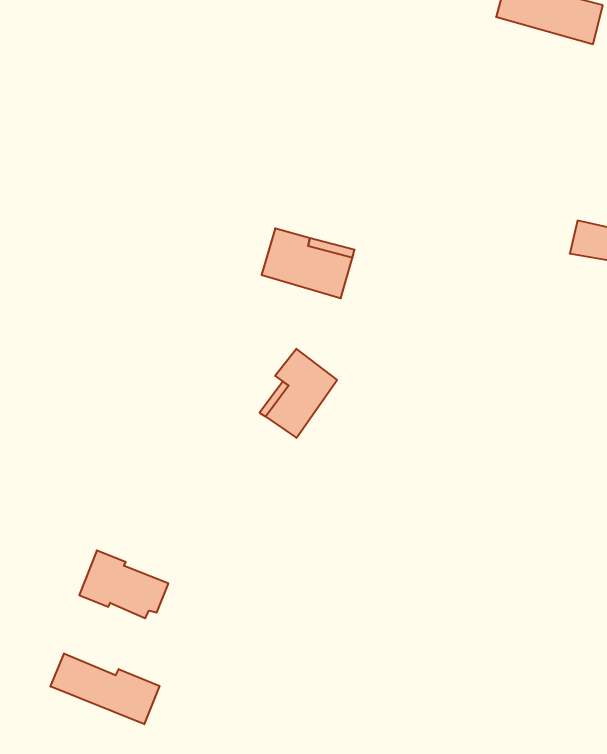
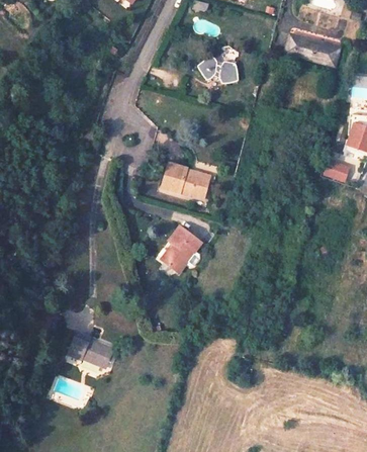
building: none -> [197,57,239,84]
building: [50,653,160,724] -> none

